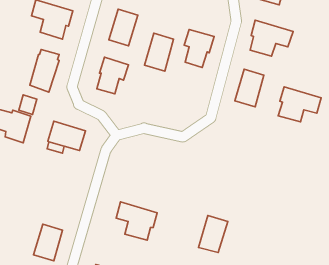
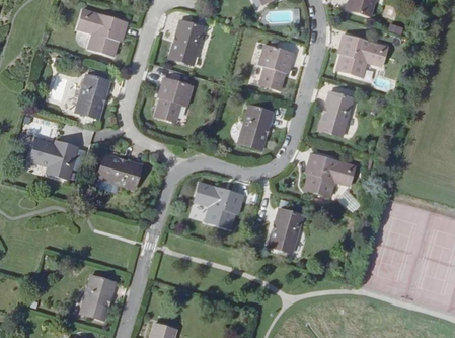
building: [144,33,174,71] -> [238,106,273,150]
building: [278,87,321,122] -> [304,154,355,196]
building: [116,202,157,240] -> [195,183,243,228]
building: [199,216,228,252] -> [269,209,303,253]

